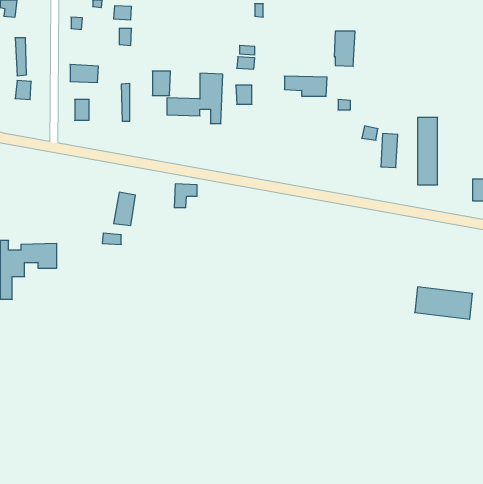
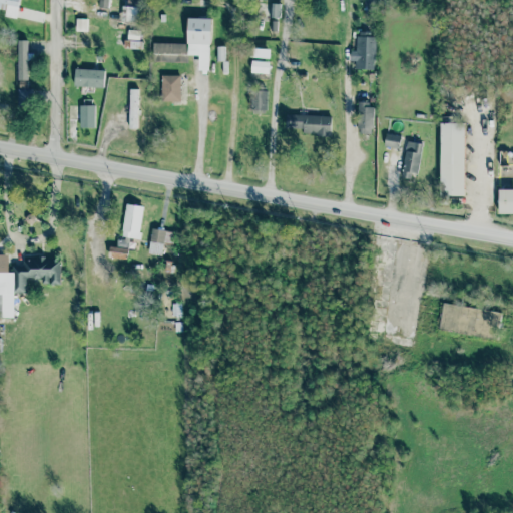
building: [167,73,223,124] -> [153,17,212,70]
building: [284,76,327,96] -> [287,114,332,135]
building: [174,184,197,208] -> [150,229,174,254]

